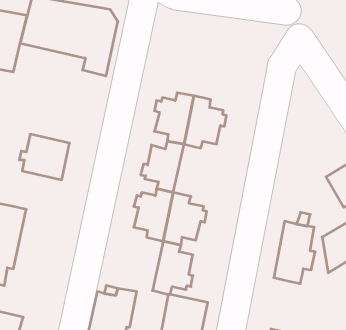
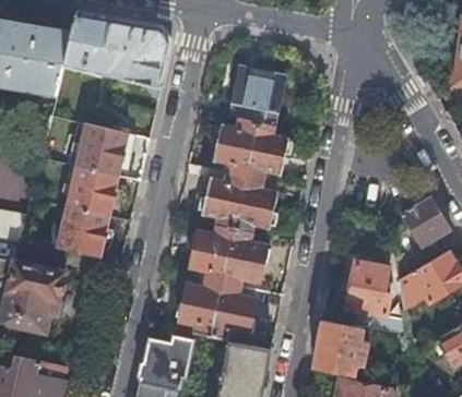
building: none -> [230,70,284,128]
building: none -> [71,125,127,176]
building: none -> [233,177,277,234]
building: none -> [54,206,109,255]
building: none -> [174,279,222,338]
building: none -> [312,320,368,376]

